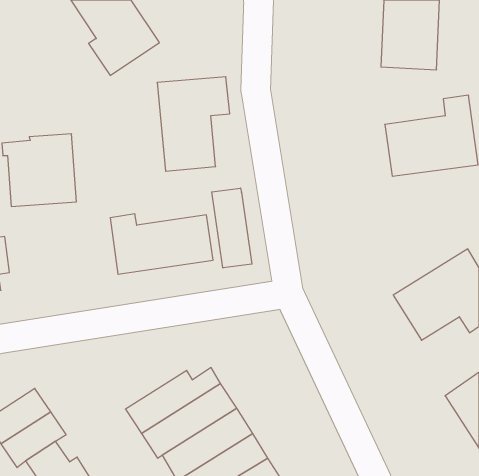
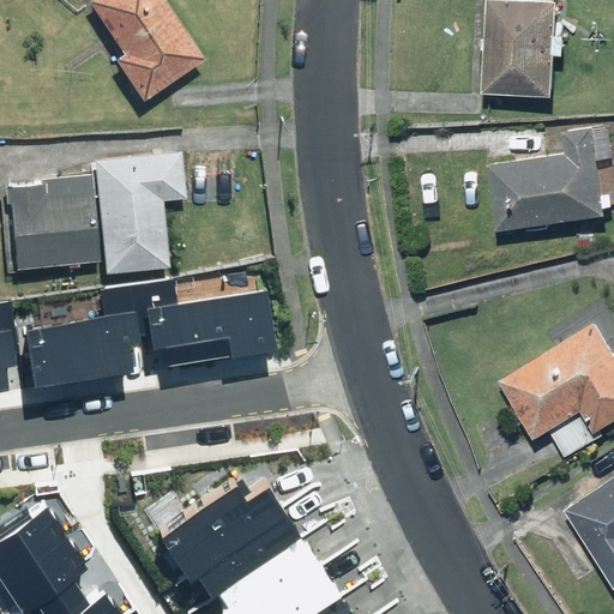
building: [157,77,230,171] -> [92,155,185,275]
building: [212,188,252,268] -> none
building: none -> [22,287,137,374]

